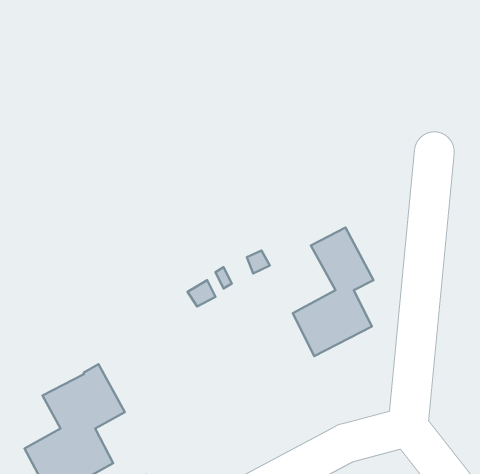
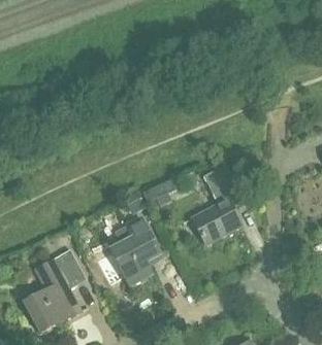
building: none -> [110,217,161,284]

